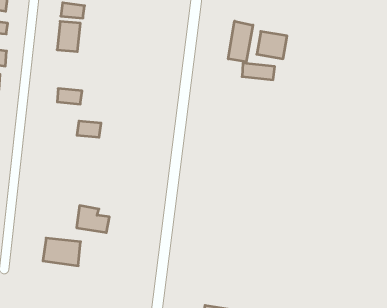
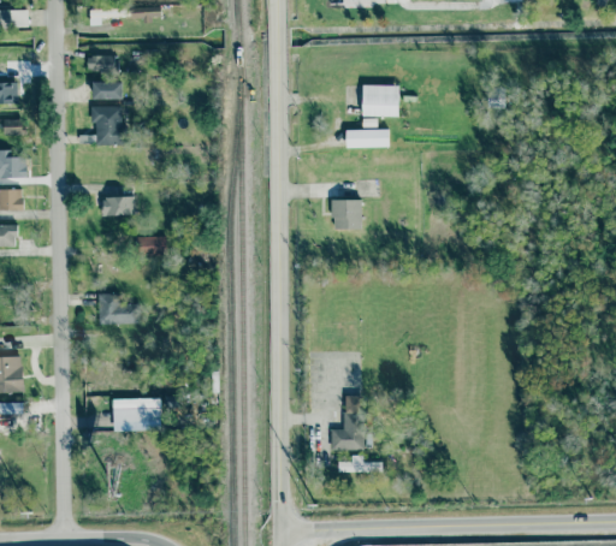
building: [228,21,253,62] -> none
building: none -> [332,200,362,230]
building: [77,206,109,233] -> [97,293,140,325]
building: none -> [331,396,363,450]

